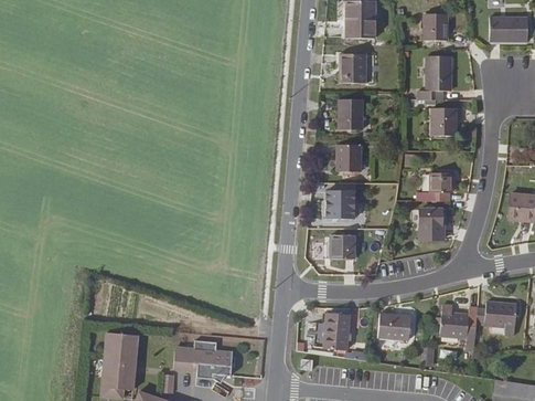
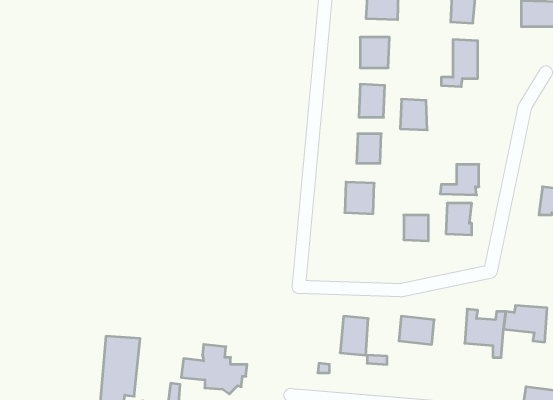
building: [432,105,458,134] -> [400,99,427,130]
building: [330,233,353,257] -> [404,215,428,241]

